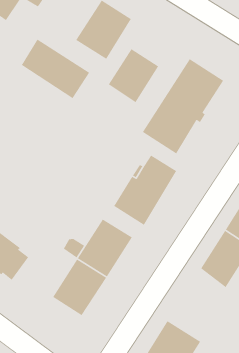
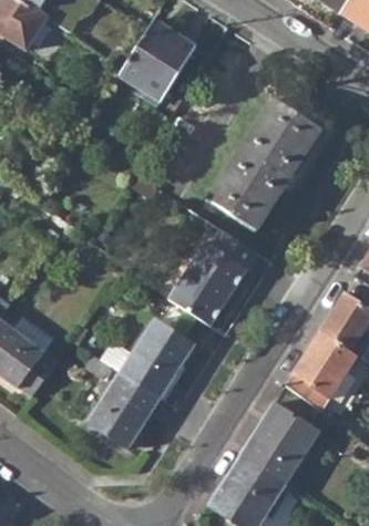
building: [21,39,90,99] -> none
building: [108,48,159,103] -> none
building: none -> [243,400,322,482]

